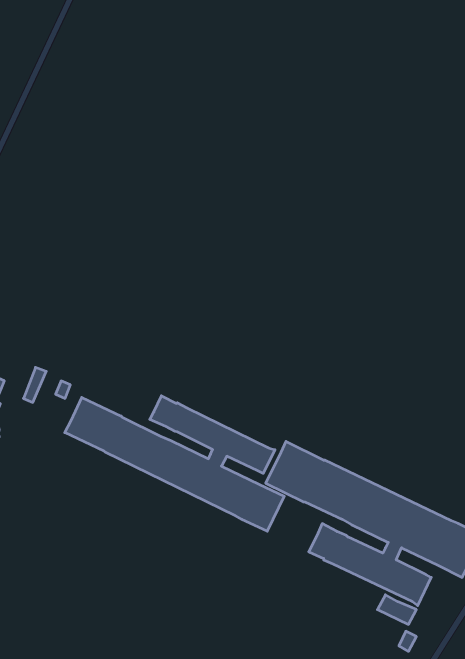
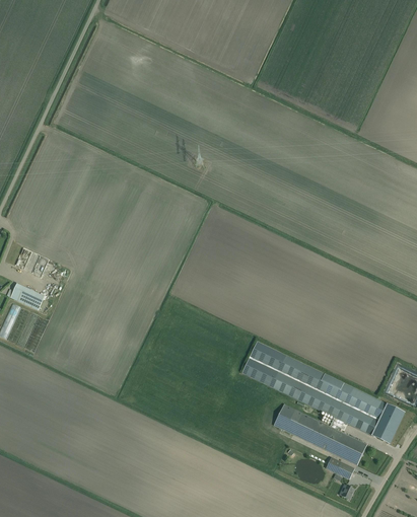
building: [65,396,284,531] -> none

